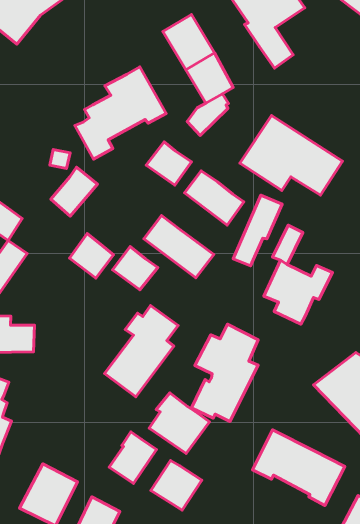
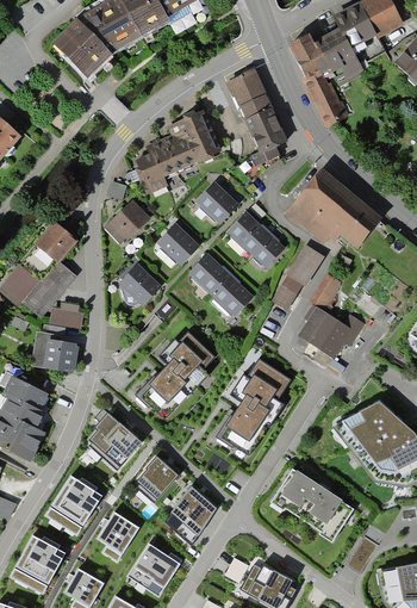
building: [112,246,158,290] -> [155,222,198,263]
building: none -> [51,305,81,330]
building: [149,393,210,453] -> [86,410,143,469]

